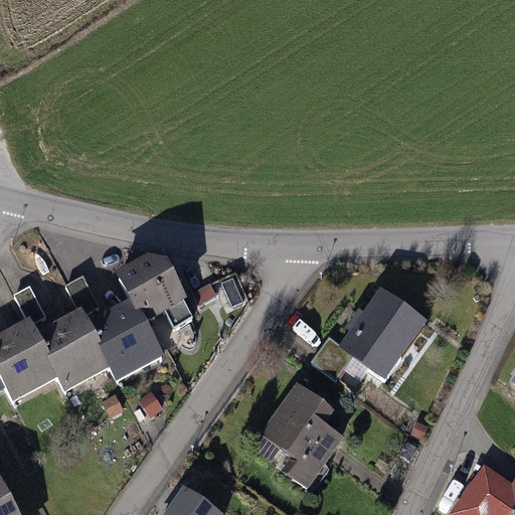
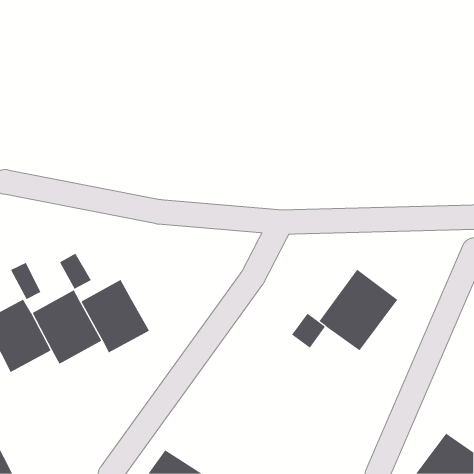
building: [117,255,188,327] -> none
building: [266,383,345,489] -> none

